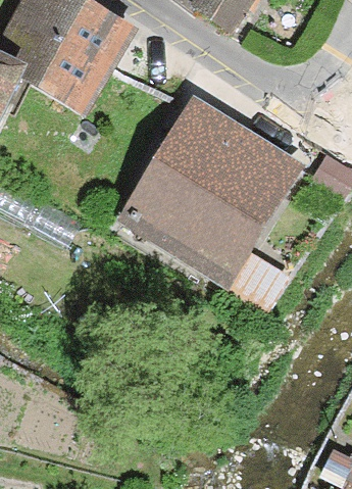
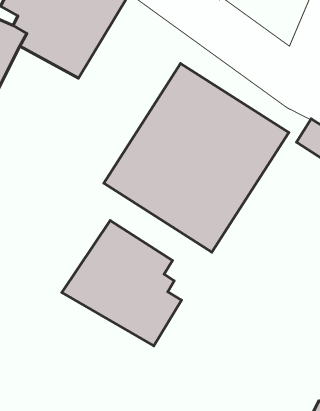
building: none -> [62,221,181,346]

